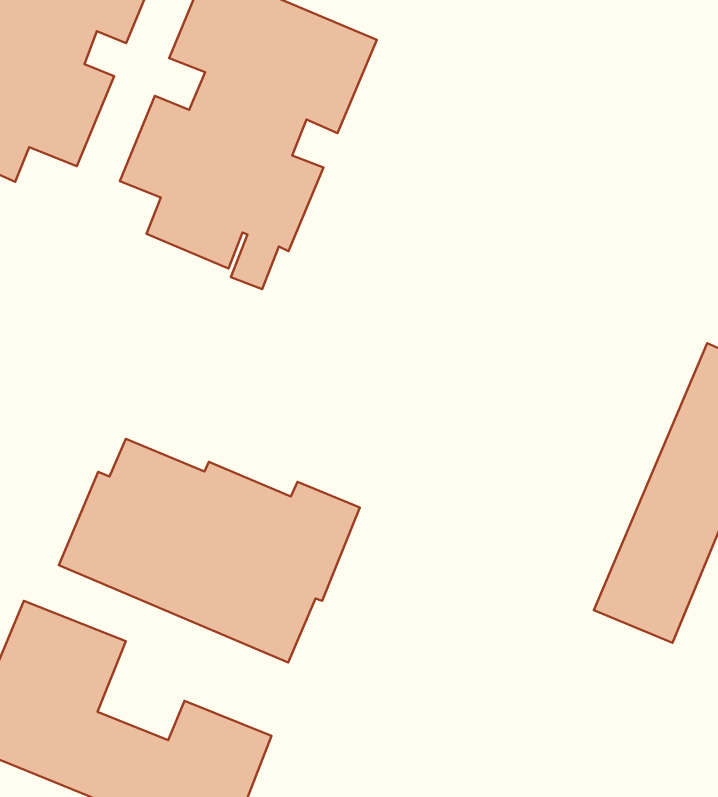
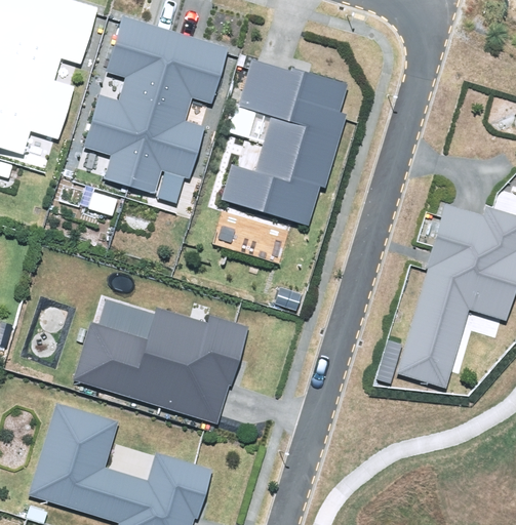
building: none -> [220,60,347,226]

